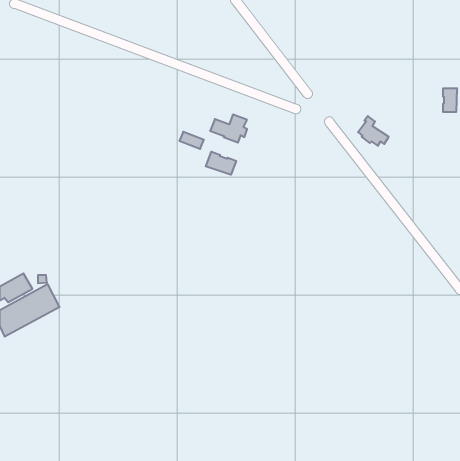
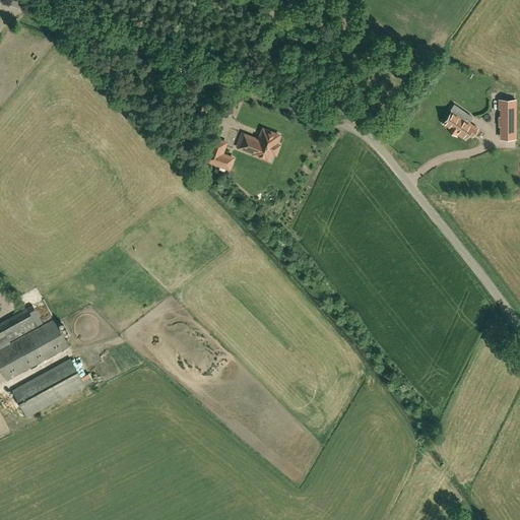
building: [358,116,389,146] -> [442,105,476,138]
building: [206,152,236,175] -> none
building: none -> [12,359,84,416]

